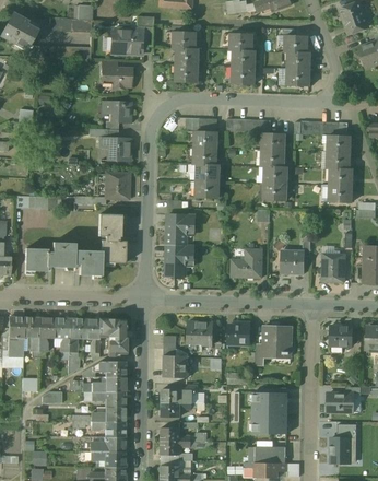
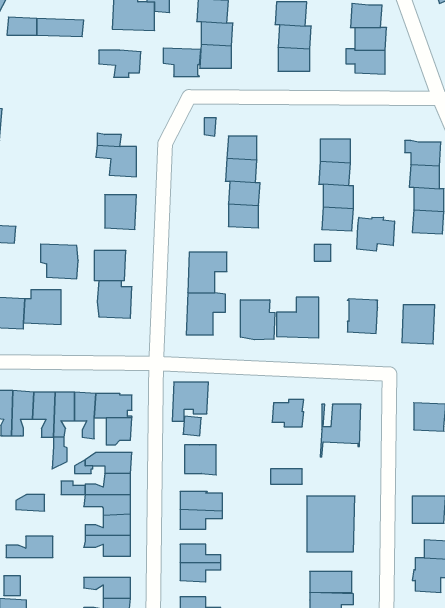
building: [104,102,131,122] -> [163,48,201,77]
building: none -> [357,217,394,251]
building: none -> [241,300,275,340]
building: [74,250,102,275] -> [41,244,78,279]
building: [187,321,213,350] -> [172,382,208,421]
building: [91,436,125,451] -> [6,536,53,557]

